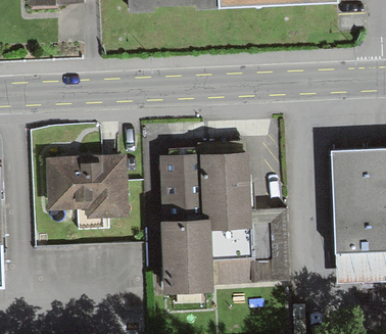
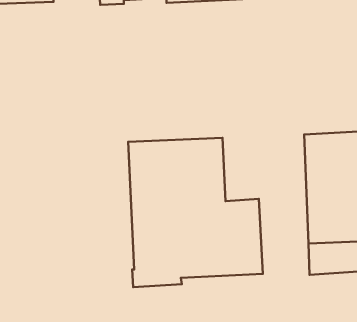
building: [42,147,130,216] -> none

